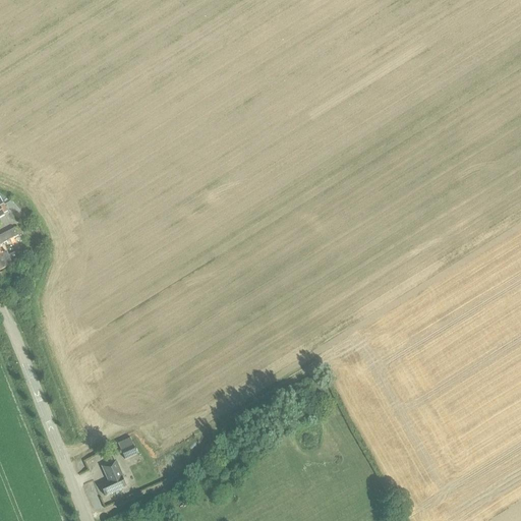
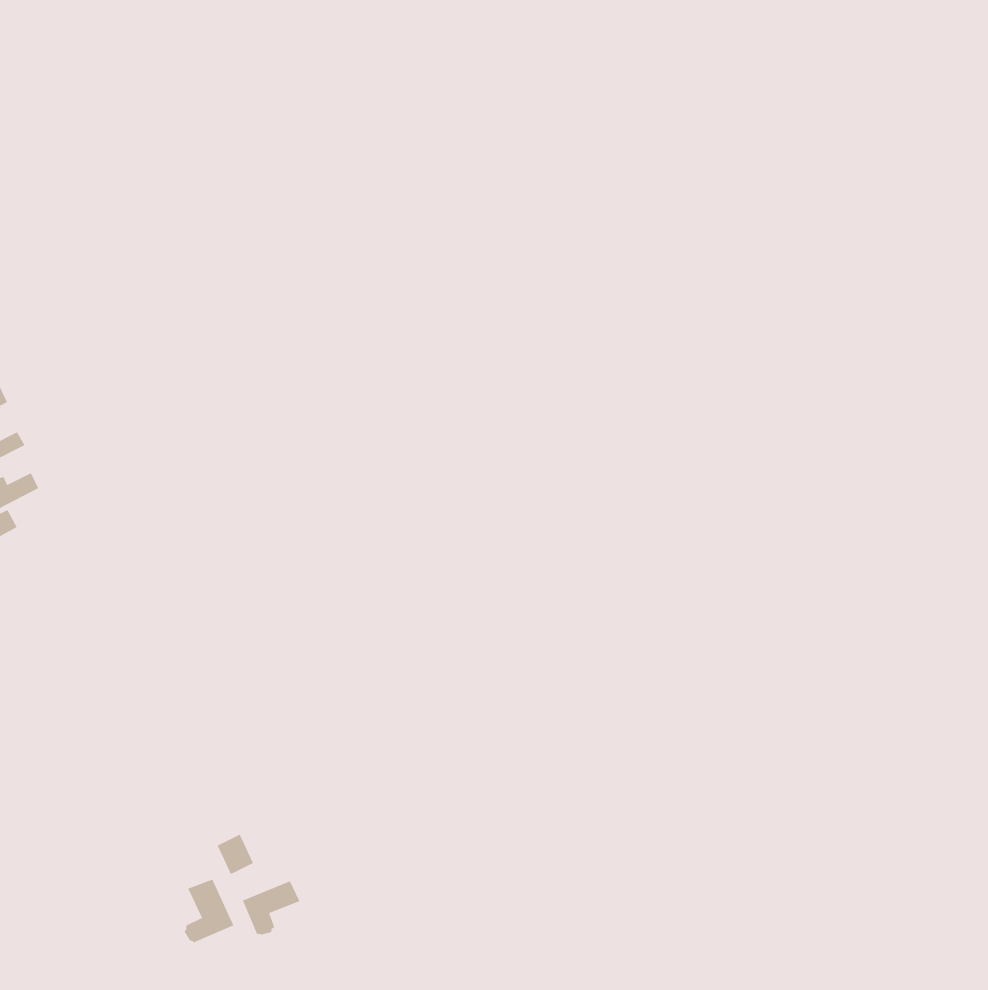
building: none -> [242,881,300,936]

